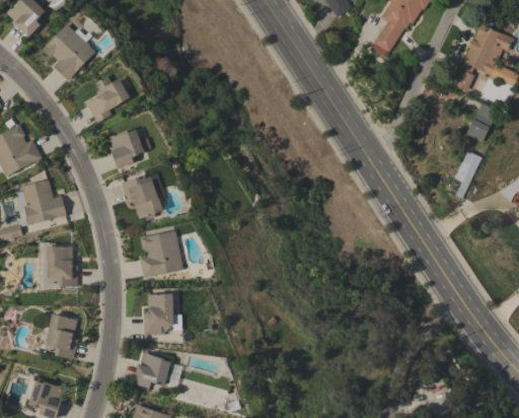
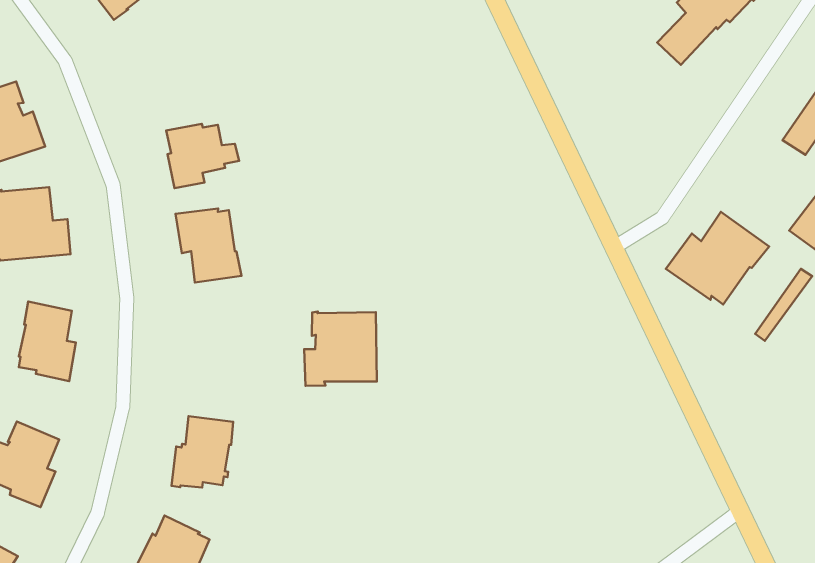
building: [87,75,132,122] -> none
building: none -> [666,212,769,304]
building: [140,230,183,278] -> [304,312,377,386]

